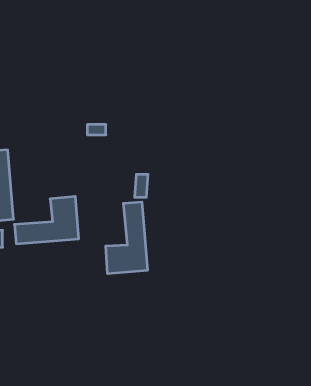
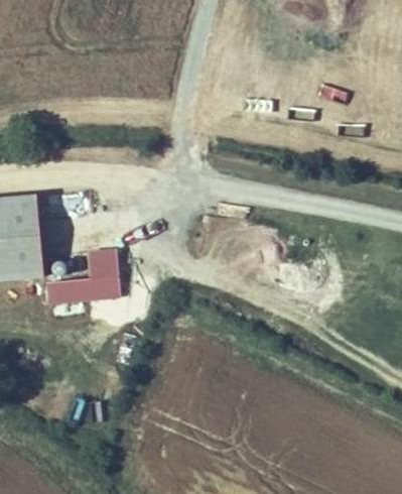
building: [106,202,147,274] -> none

